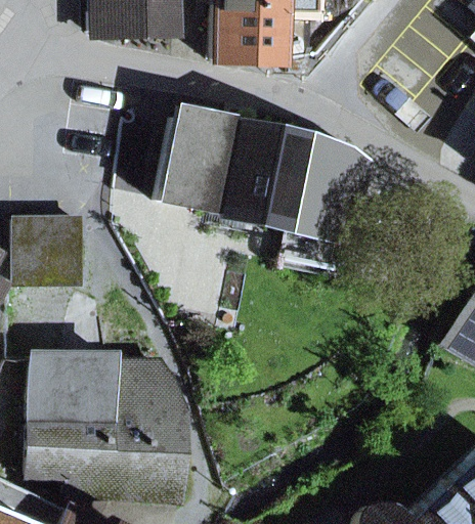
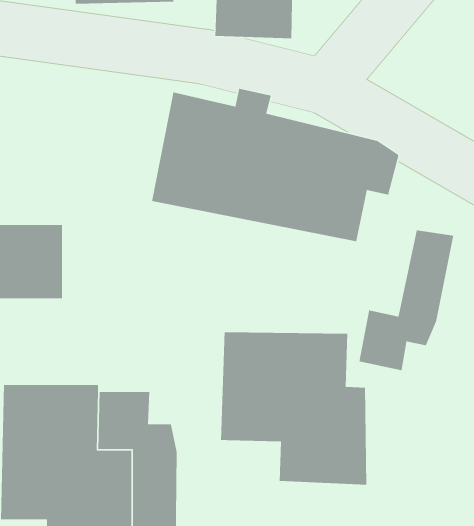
building: none -> [359,229,454,371]
building: none -> [220,332,367,486]

